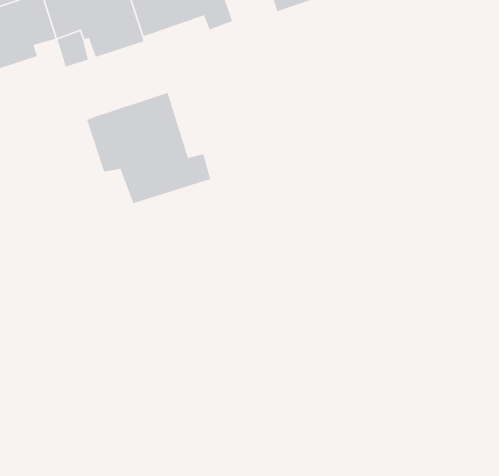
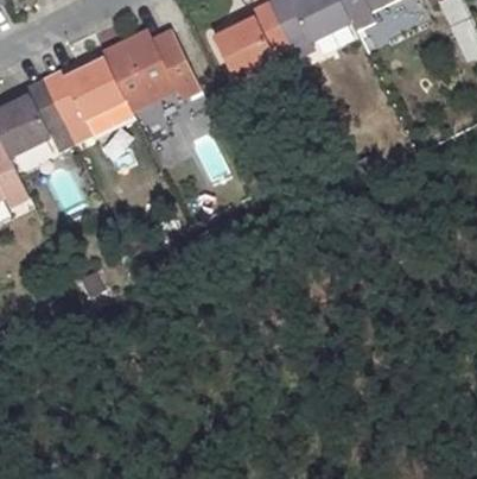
building: [86,92,211,204] -> none

